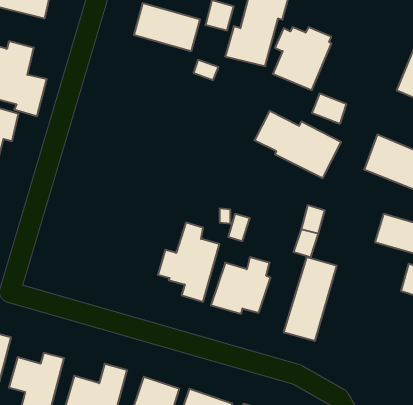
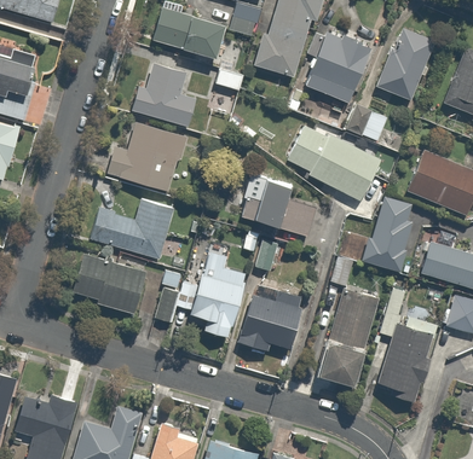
building: none -> [374,24,437,104]
building: none -> [131,68,195,127]
building: none -> [108,121,186,192]
building: none -> [250,179,317,237]
building: none -> [363,197,414,274]
building: none -> [91,201,172,257]
building: none -> [71,255,148,316]
building: none -> [154,269,184,325]
building: none -> [377,324,433,402]

